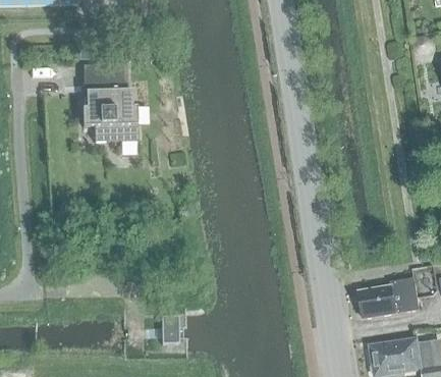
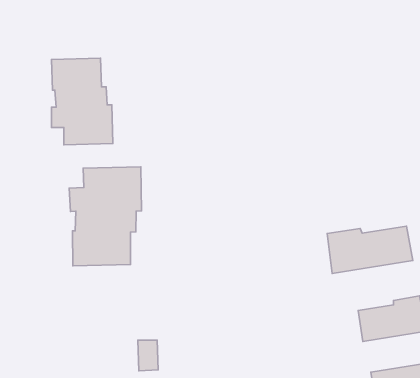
building: none -> [69,167,141,266]
building: none -> [327,226,413,274]

